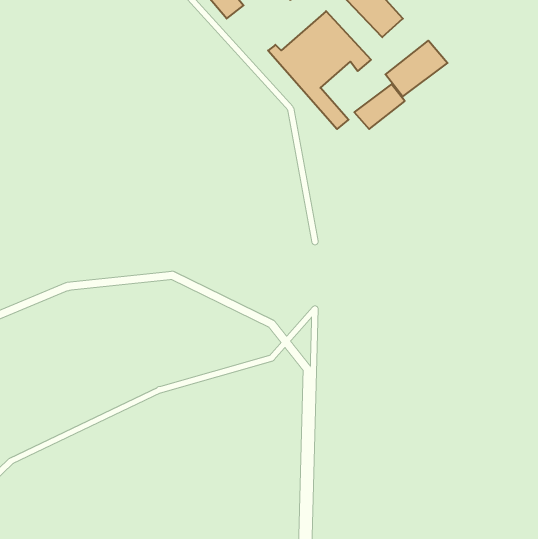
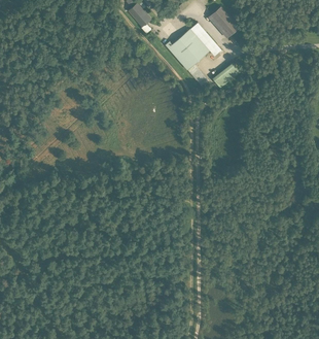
building: [385,41,448,96] -> none

